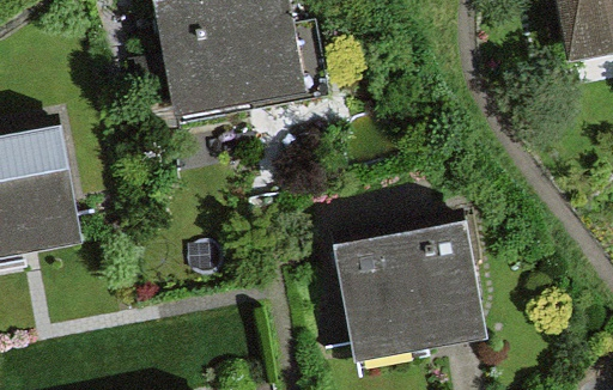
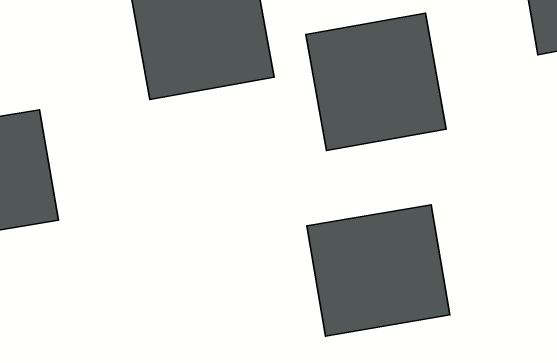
building: none -> [306,13,446,150]

